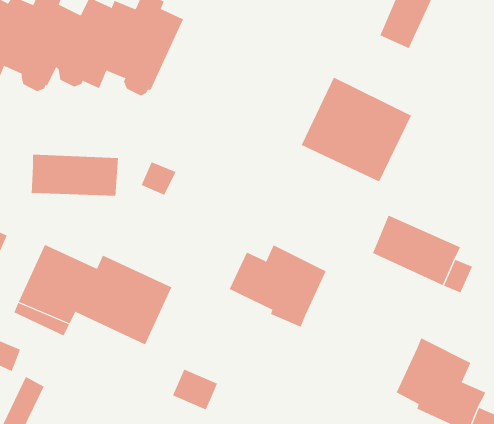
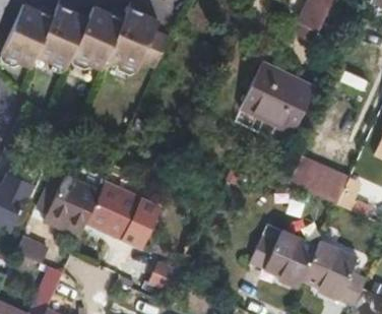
building: [31,154,119,197] -> none
building: [229,245,326,328] -> [252,230,319,287]

